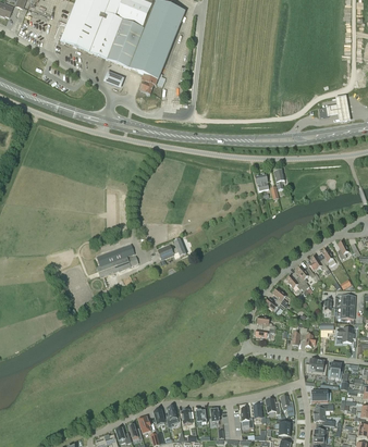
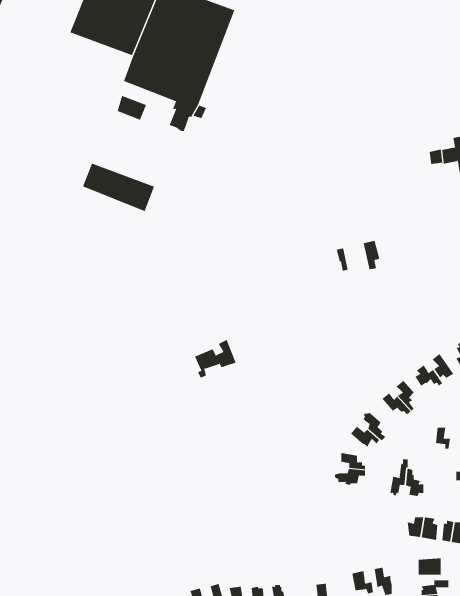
building: [64,25,114,59] -> [82,163,155,212]
building: [97,243,138,276] -> none

